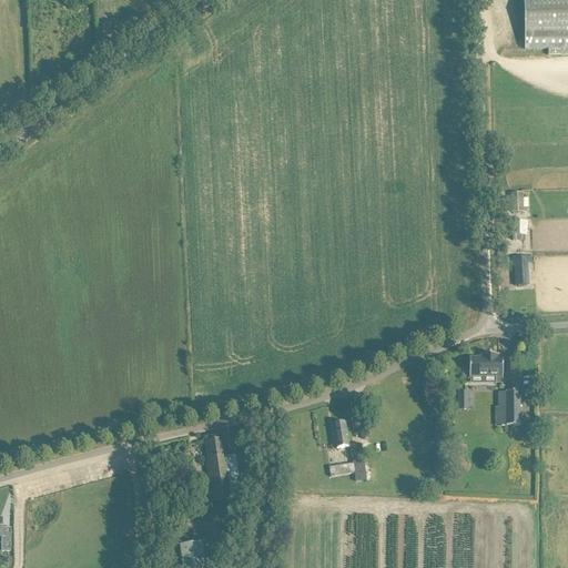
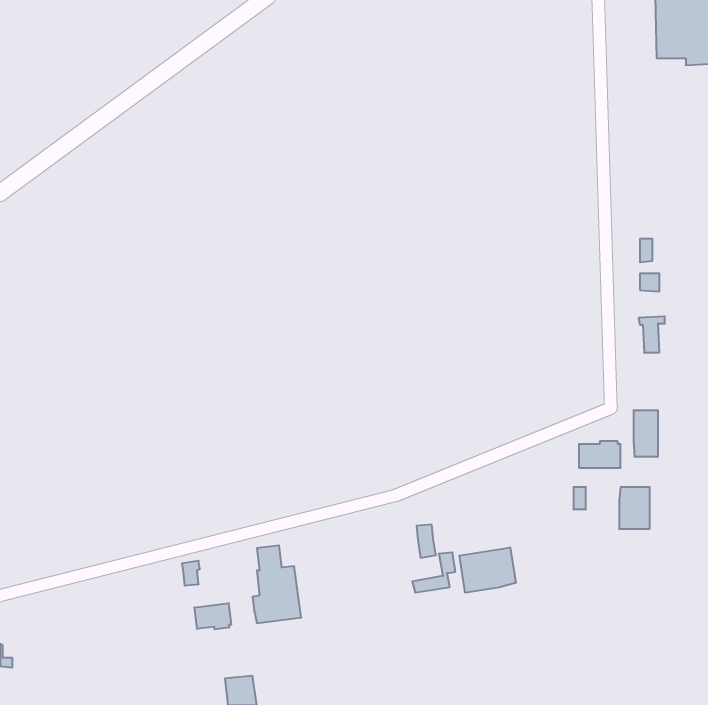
building: none -> [634,410,658,457]
building: none -> [459,547,516,593]
building: none -> [194,603,231,629]

